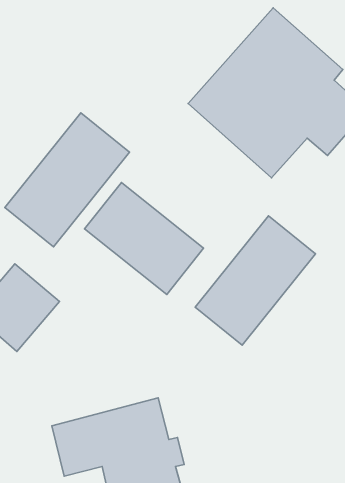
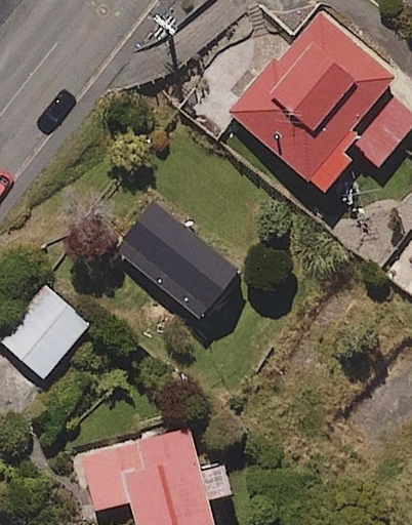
building: [5,113,130,247] -> none
building: [195,216,315,345] -> none

